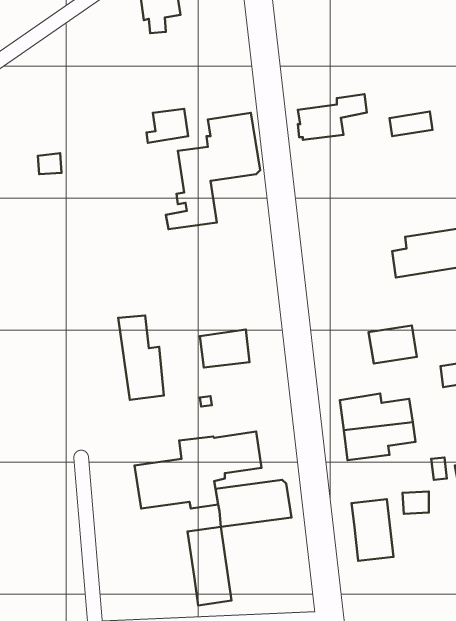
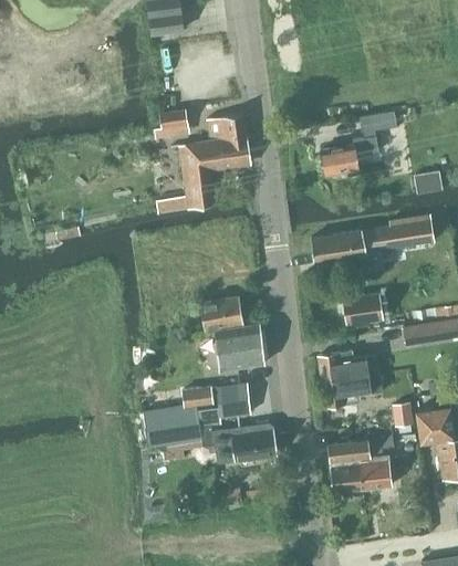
building: [298,94,367,140] -> [320,137,378,176]
building: none -> [311,231,367,274]
building: [118,315,164,400] -> none
building: none -> [215,325,264,371]
building: none -> [357,440,392,490]
building: [187,527,231,605] -> none

